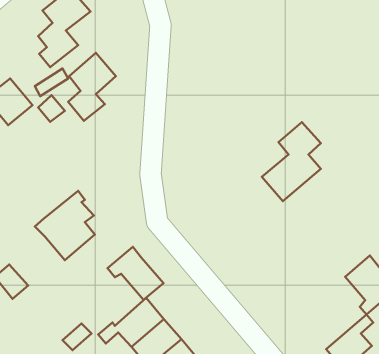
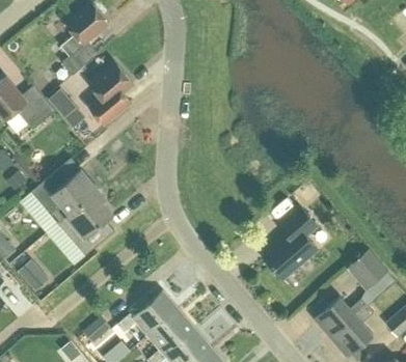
building: [262,122,321,201] -> [262,206,317,280]
building: none -> [31,168,98,224]
building: [108,247,164,300] -> none
building: none -> [313,297,367,338]

